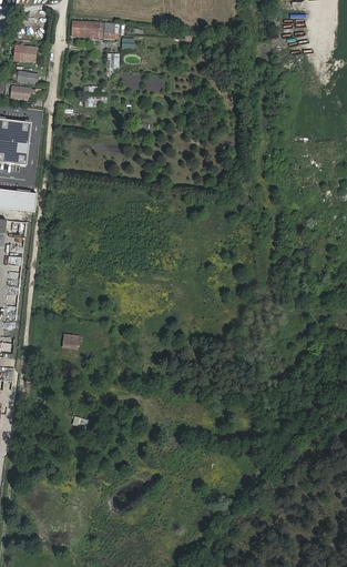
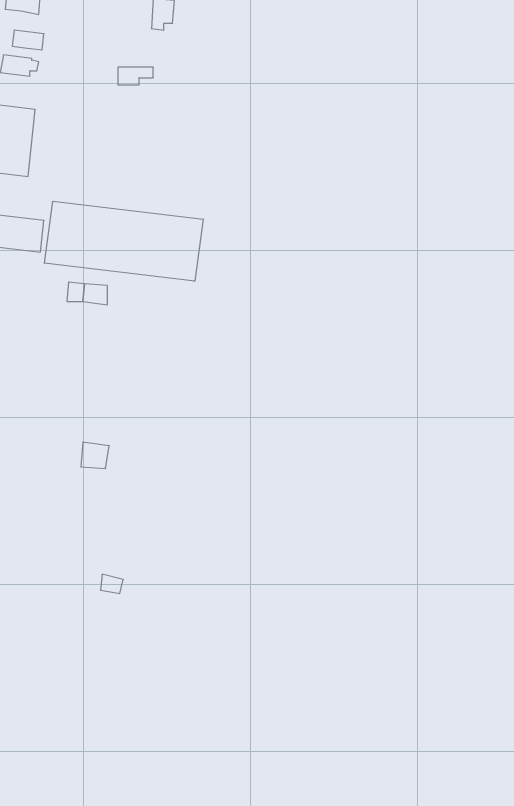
building: none -> [44,201,203,281]

